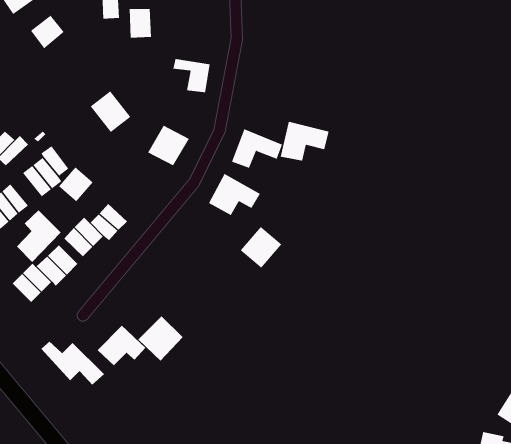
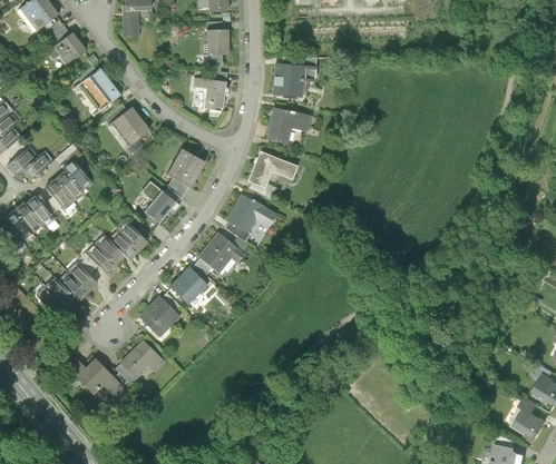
building: [129,8,152,38] -> [207,33,230,62]
building: none -> [272,58,318,95]
building: none -> [77,72,120,117]
building: [280,121,329,161] -> [264,103,312,142]
building: [58,166,94,202] -> [144,184,178,218]
building: [16,210,61,263] -> none
building: [240,226,282,269] -> [197,230,238,272]
building: none -> [169,264,208,304]
building: [137,315,183,361] -> [136,293,181,337]

